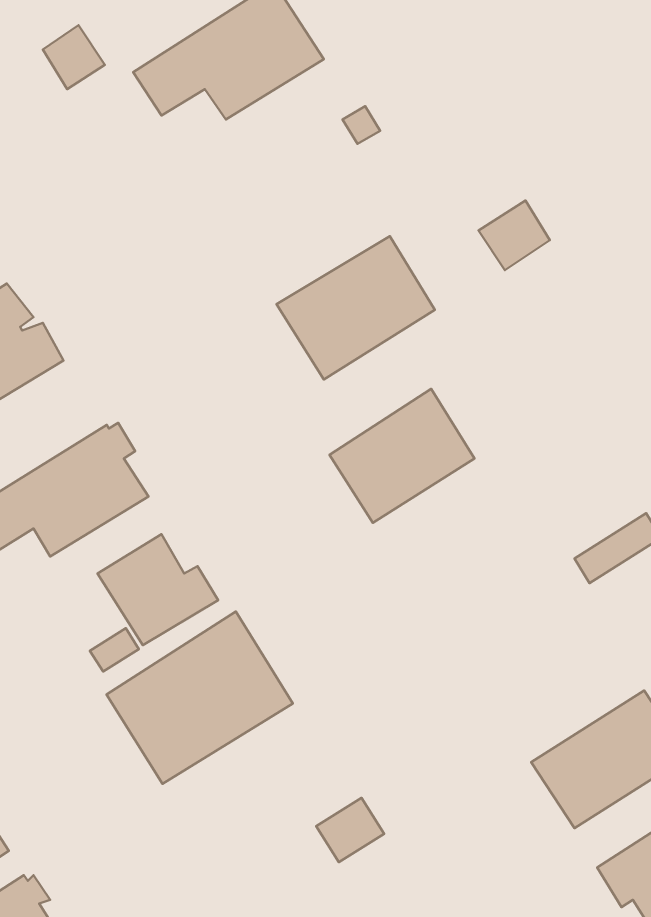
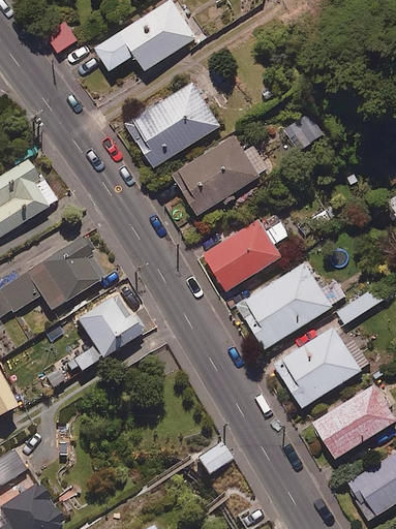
building: none -> [126,81,220,165]
building: none -> [236,261,344,349]
building: none -> [270,323,368,409]
building: [107,611,293,784] -> none

